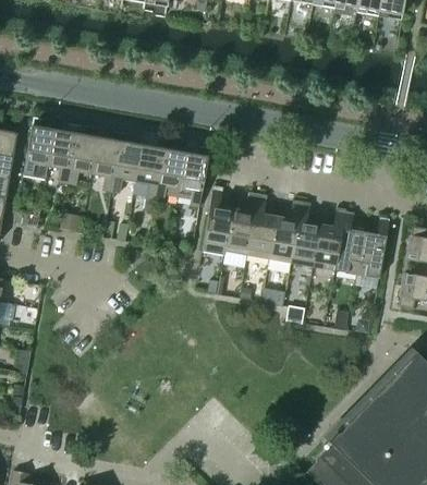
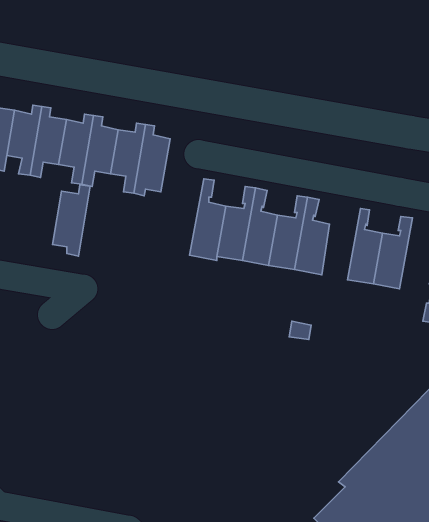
building: [178,147,209,207] -> [53,185,90,256]
building: [313,208,345,271] -> none

